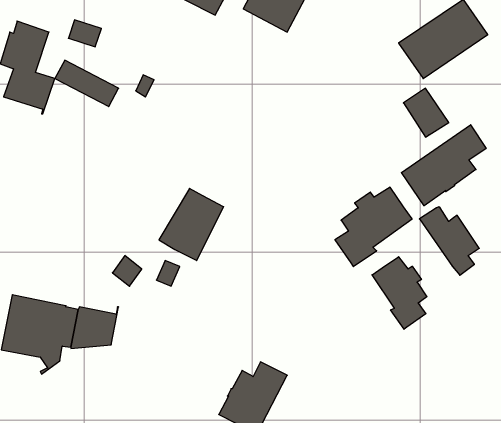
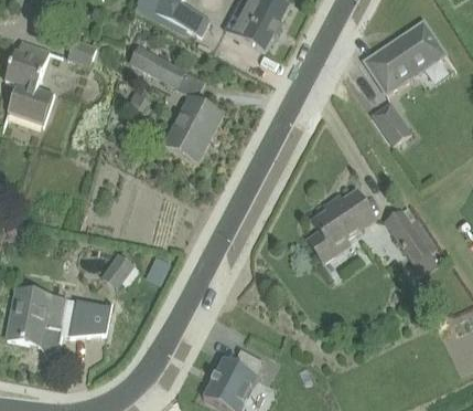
building: [55,60,119,107] -> [129,45,186,87]
building: [401,125,486,206] -> none
building: [159,188,224,261] -> [163,96,222,161]
building: [372,257,427,329] -> none

